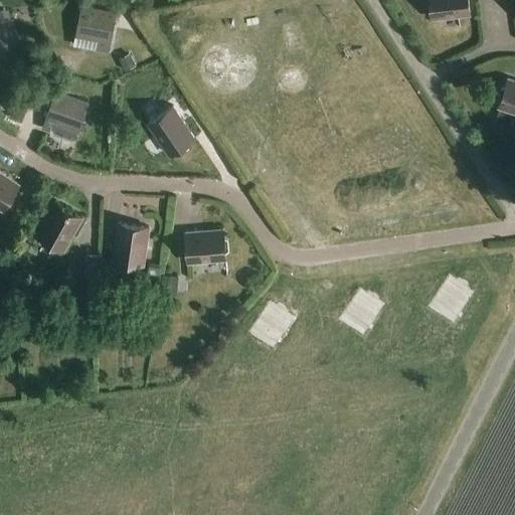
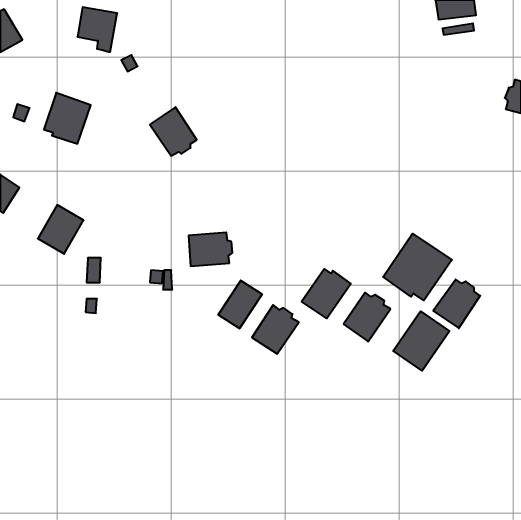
building: [114,223,149,275] -> none
building: none -> [383,234,452,300]
building: none -> [302,269,351,318]
building: none -> [218,280,262,329]
building: none -> [393,311,449,371]

